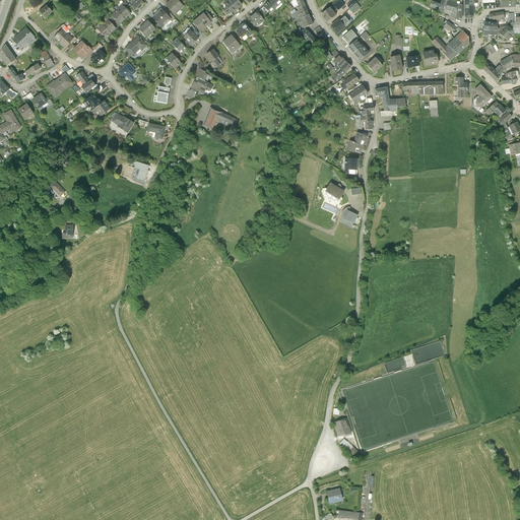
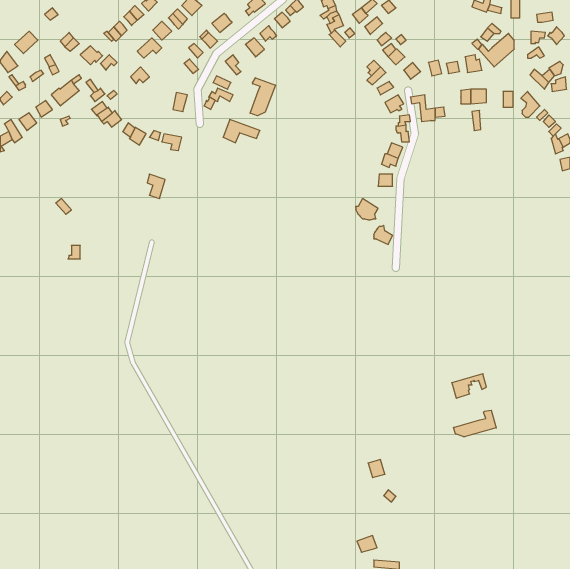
building: none -> [250,78,275,116]
building: none -> [454,410,496,437]

